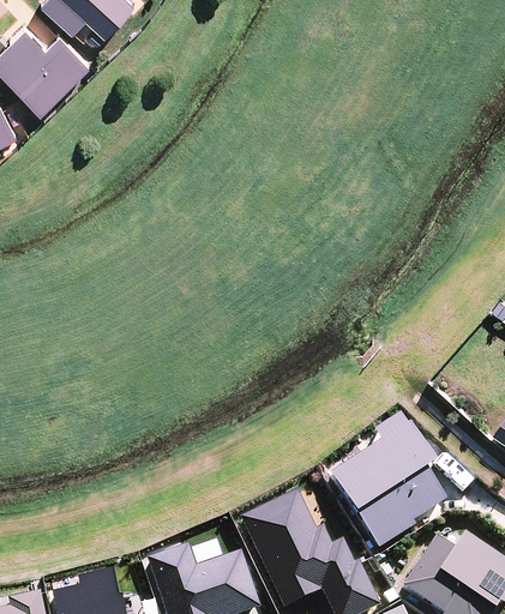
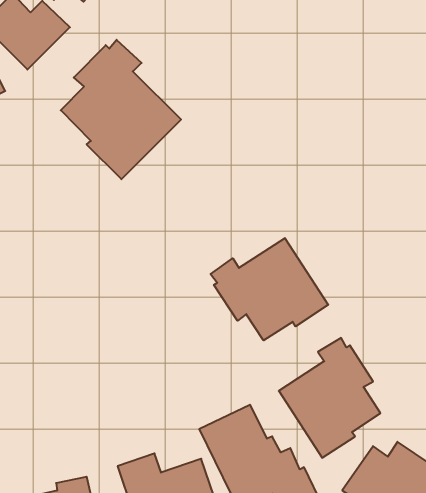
building: none -> [61,40,181,179]
building: none -> [211,238,328,340]

